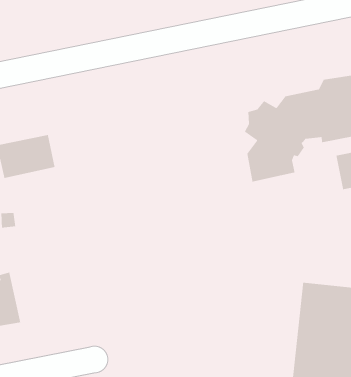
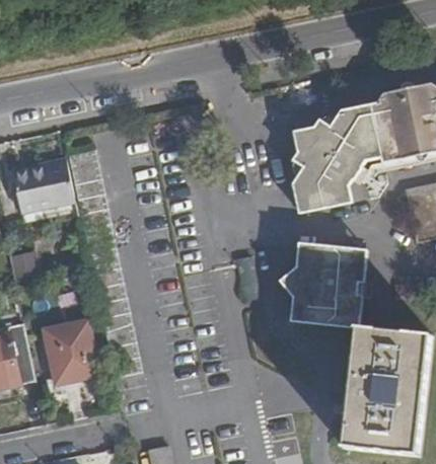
building: none -> [283,246,367,329]
building: none -> [38,312,93,375]

